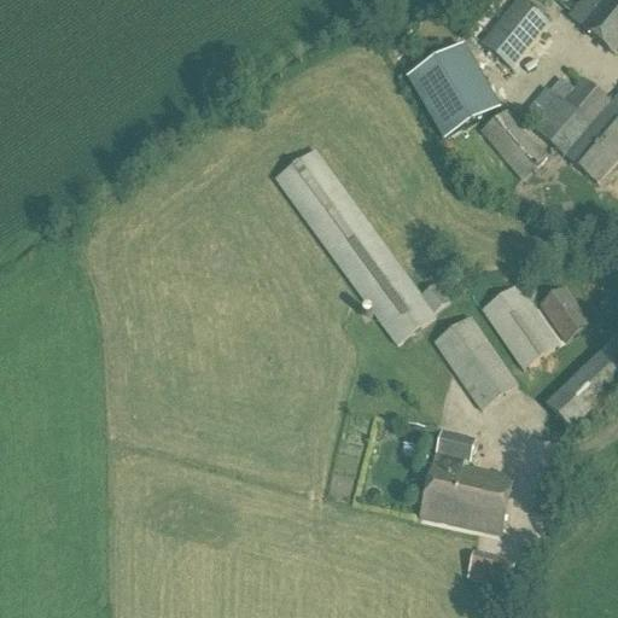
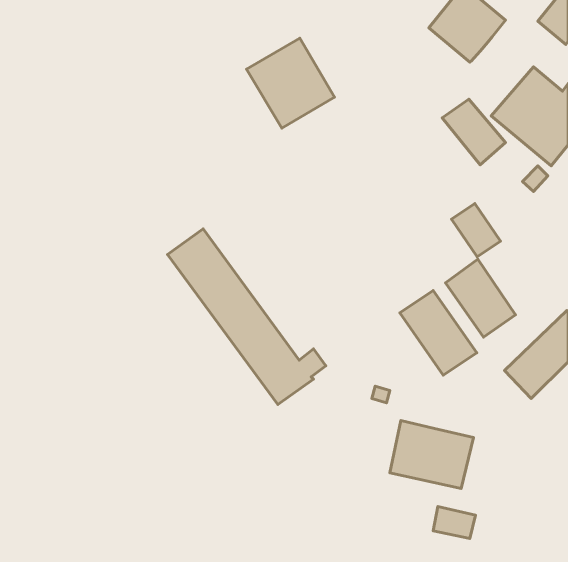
building: [403,45,499,142] -> [246,38,334,128]
building: [276,150,448,340] -> [168,229,326,405]
building: [535,280,588,338] -> [451,203,500,257]
building: [435,428,476,465] -> none

